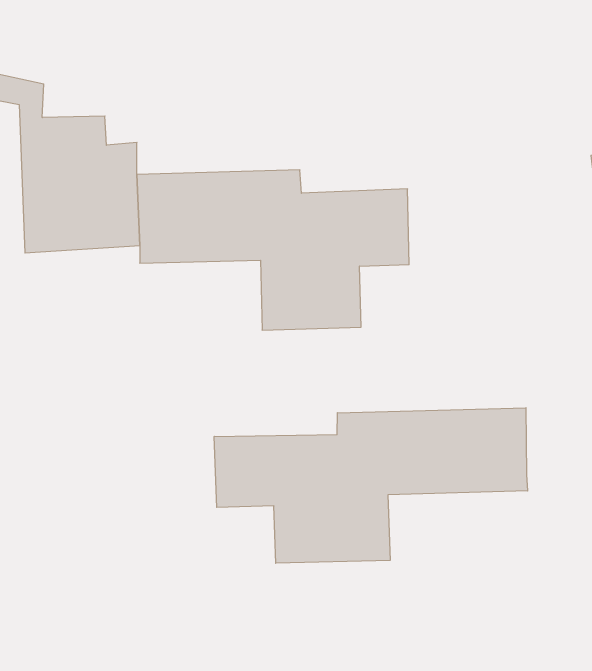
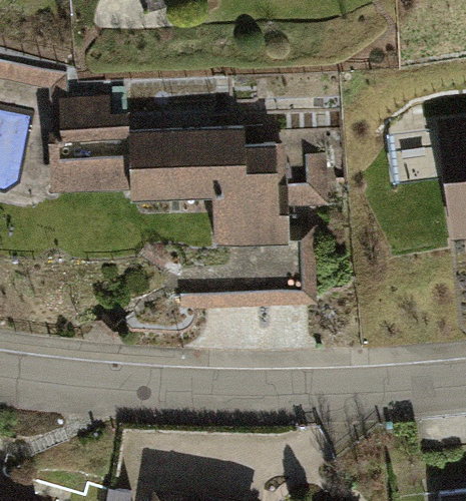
building: [214,408,528,563] -> none

